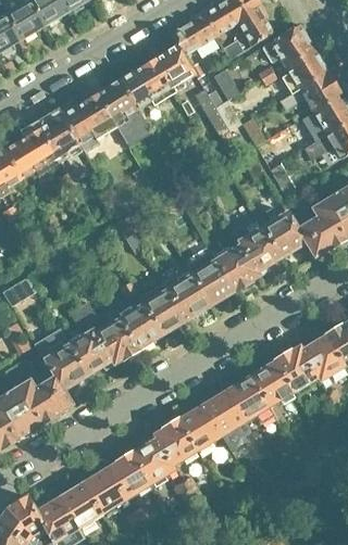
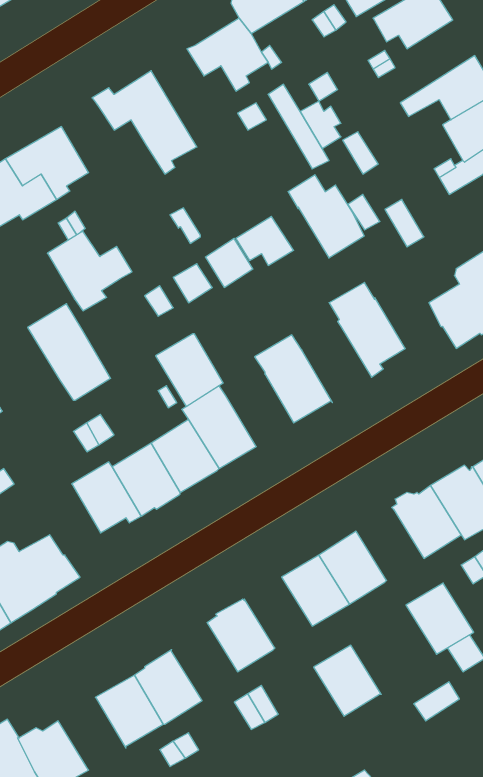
building: [282,47,327,92] -> none
building: [120,65,174,109] -> none
building: [62,101,116,152] -> [47,231,132,311]
building: [257,204,306,257] -> [288,175,364,258]
building: [216,243,261,292] -> none
building: [167,274,211,320] -> [156,334,223,407]
building: [34,328,87,390] -> [28,304,111,400]
building: [251,360,295,406] -> [406,583,474,654]
building: [179,404,223,449] -> [314,645,381,716]
building: [133,433,177,483] -> none
building: [60,481,103,528] -> none

